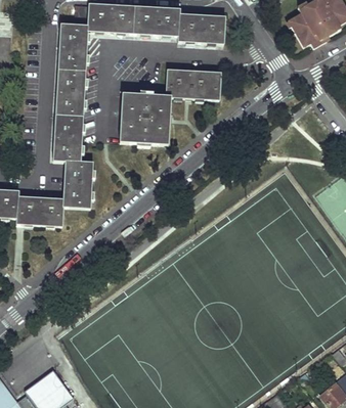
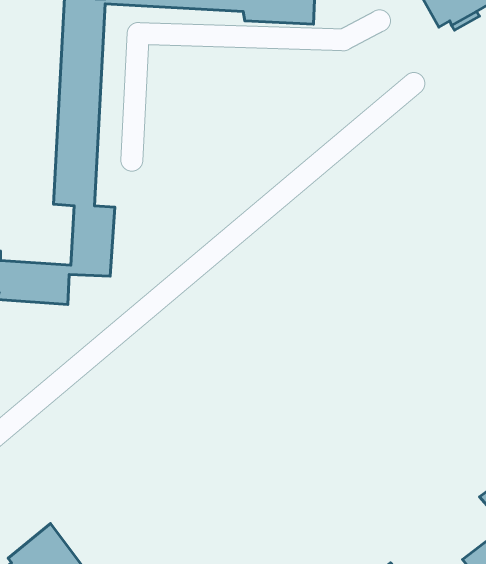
building: [120,69,219,143] -> none

